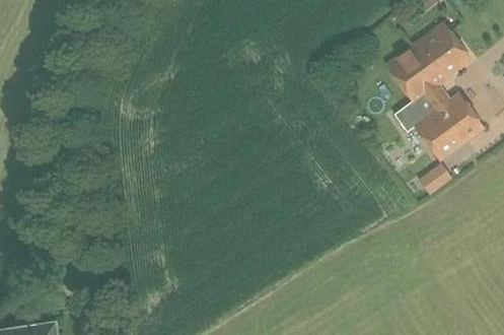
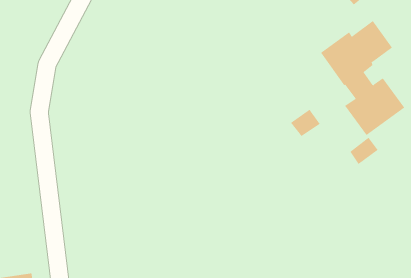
building: none -> [290,109,321,137]

